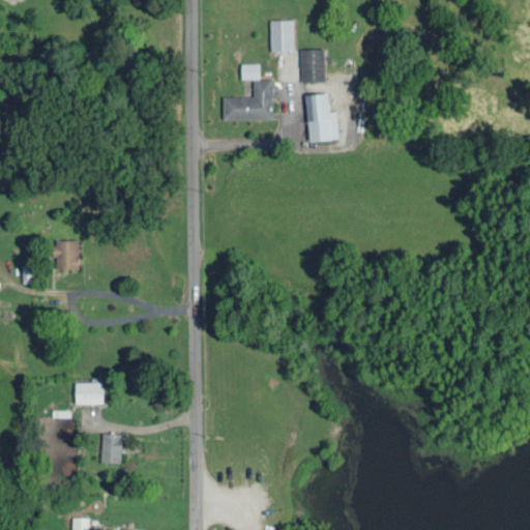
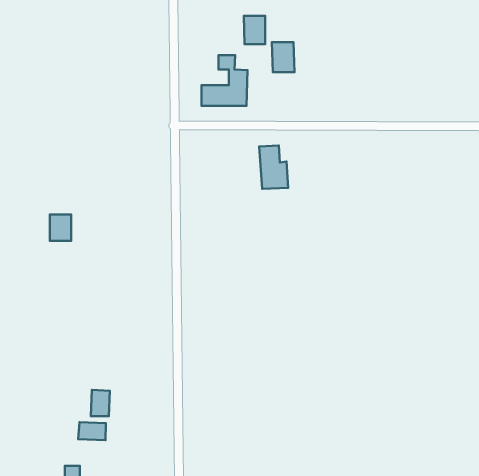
building: [306,94,338,142] -> [259,146,288,189]
building: [75,383,102,405] -> none
building: none -> [78,422,106,440]

